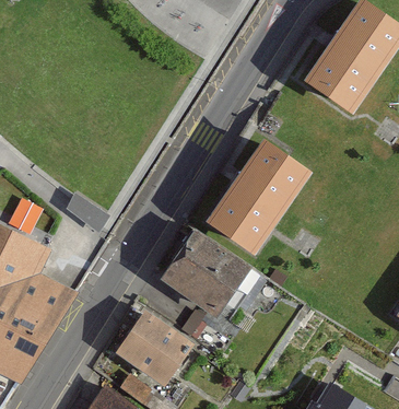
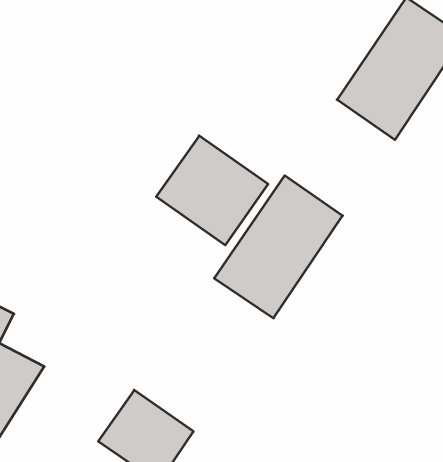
building: [161,230,249,316] -> [156,136,268,245]

